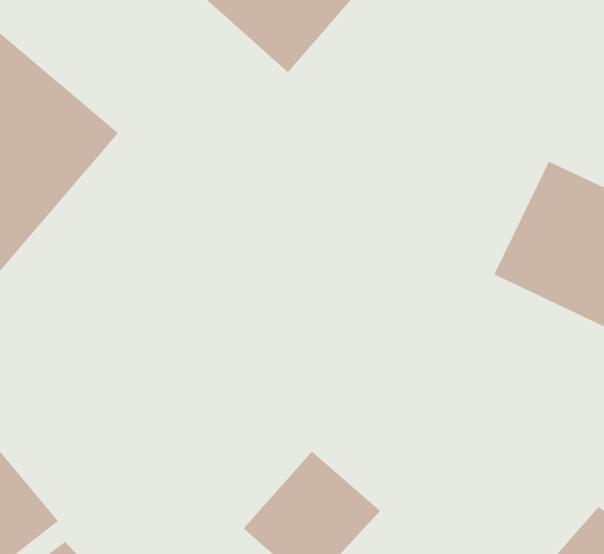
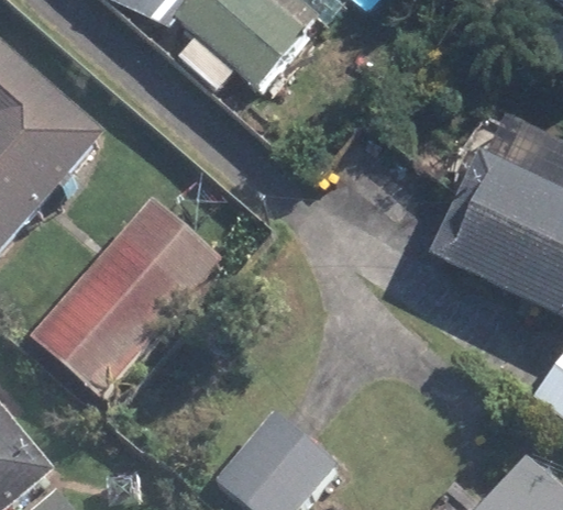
building: none -> [33,199,222,396]

